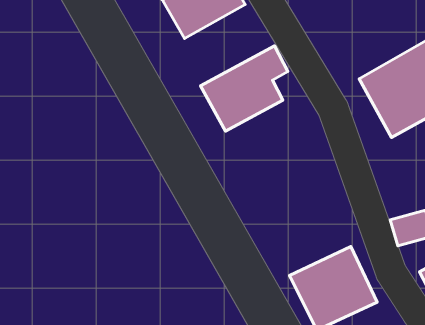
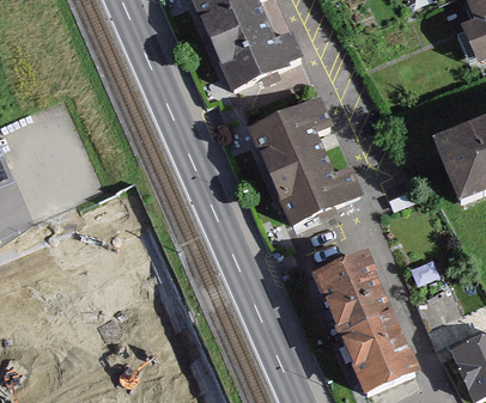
building: none -> [266,155,365,228]
building: none -> [294,254,381,335]

